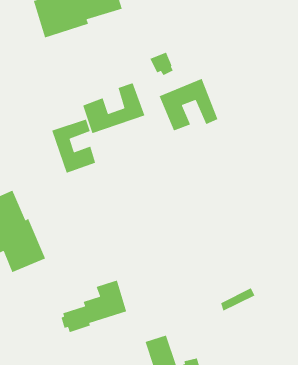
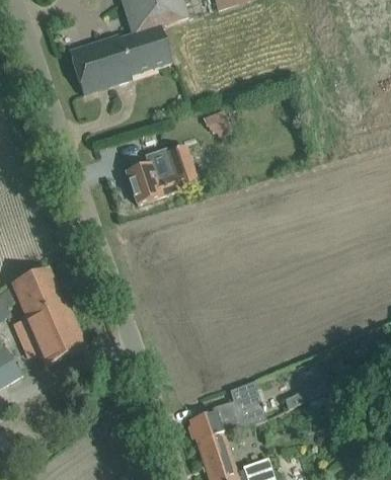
building: [159,78,219,131] -> none
building: [51,119,96,174] -> none
building: [60,279,127,333] -> [187,381,264,443]

